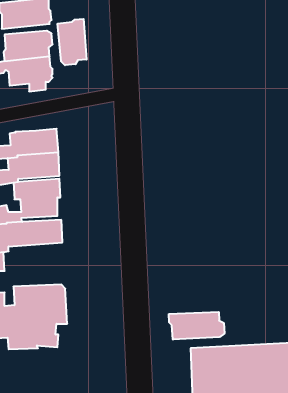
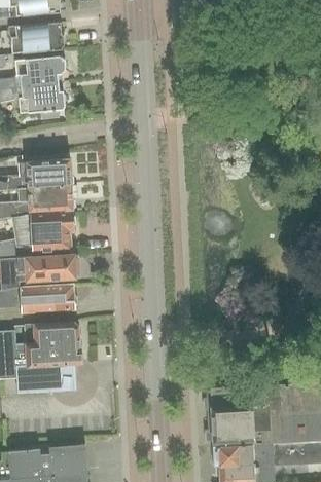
building: [58,19,87,65] -> none
building: none -> [19,285,73,313]
building: [169,312,224,340] -> none

